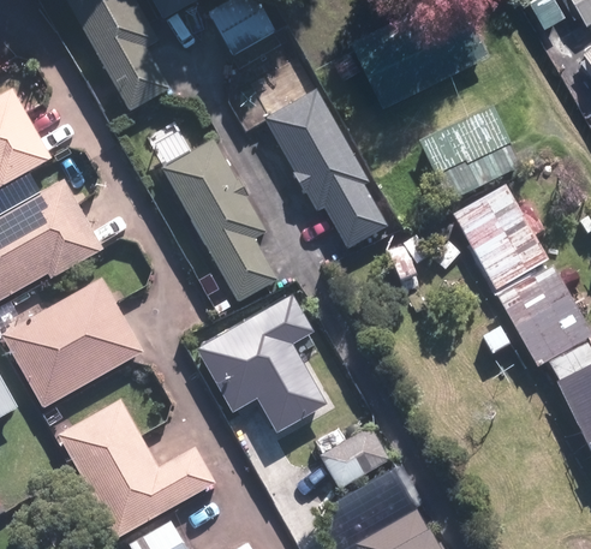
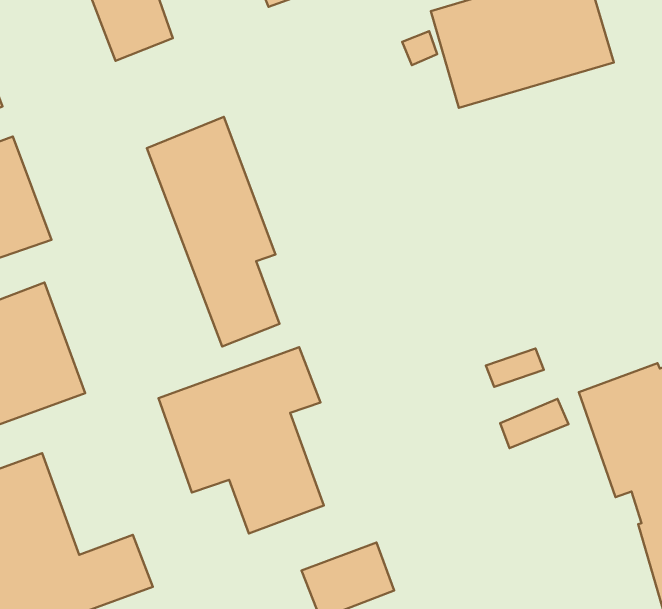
building: [261,88,387,250] -> none
building: [414,106,517,202] -> none
building: [452,183,545,290] -> none

